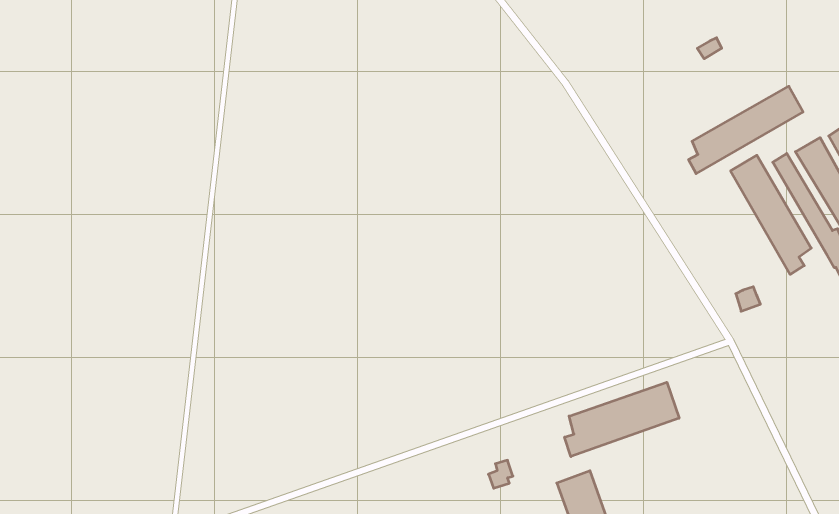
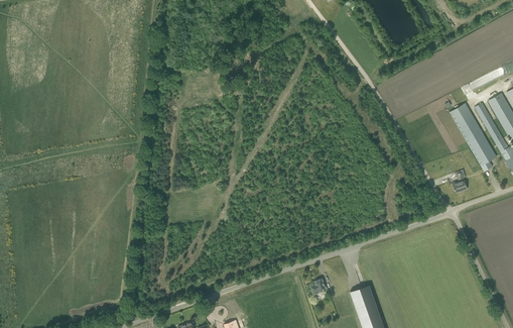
building: [689,86,803,174] -> none
building: [565,382,679,457] -> none

